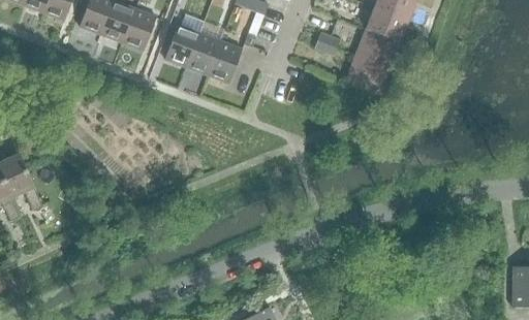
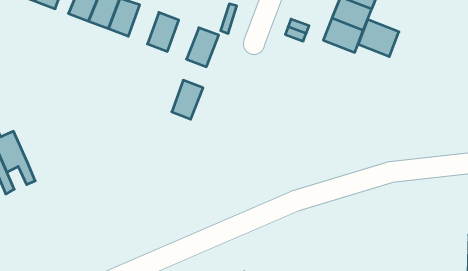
building: [186,32,220,74] -> [172,80,203,119]
building: [345,54,390,94] -> [358,20,399,57]

